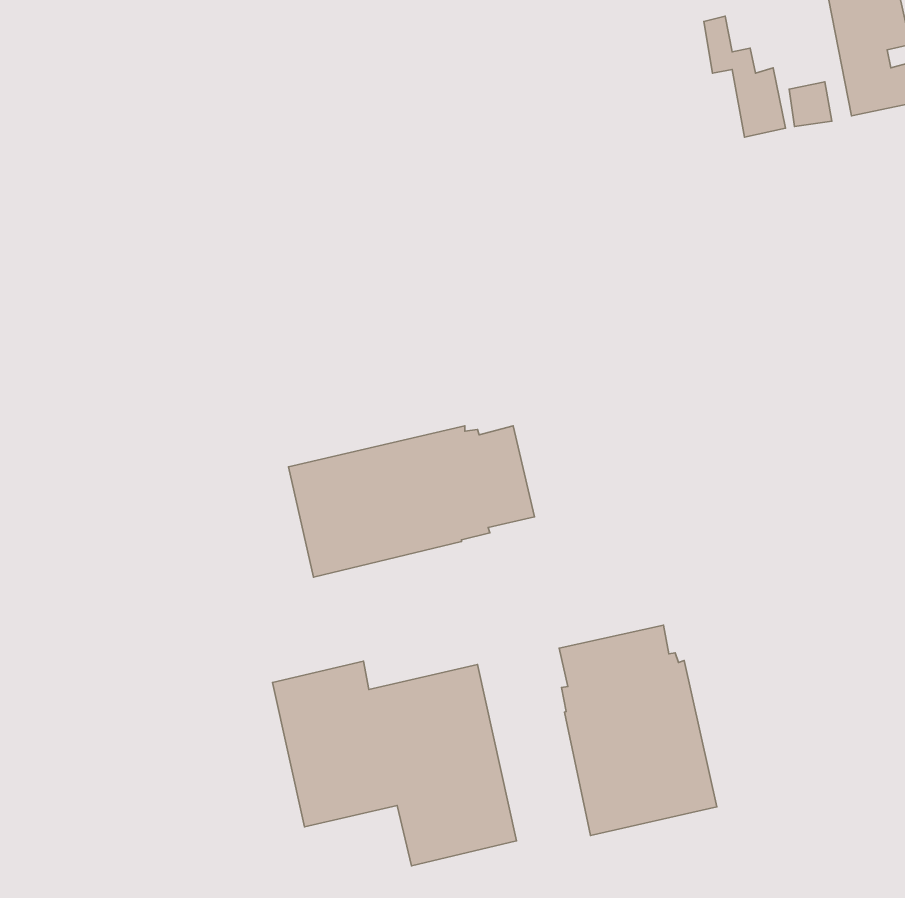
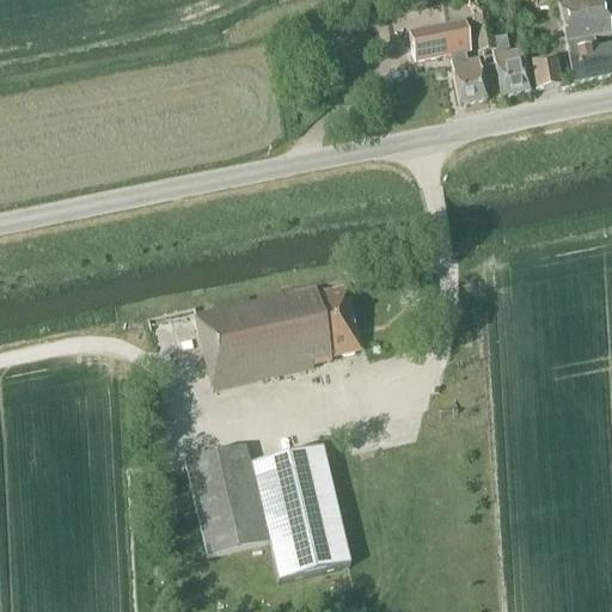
building: none -> [410,18,486,100]
building: [559,625,717,836] -> none

